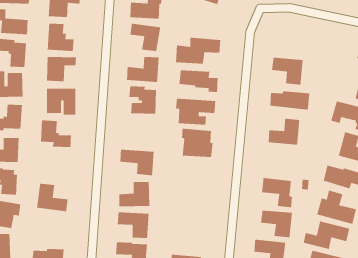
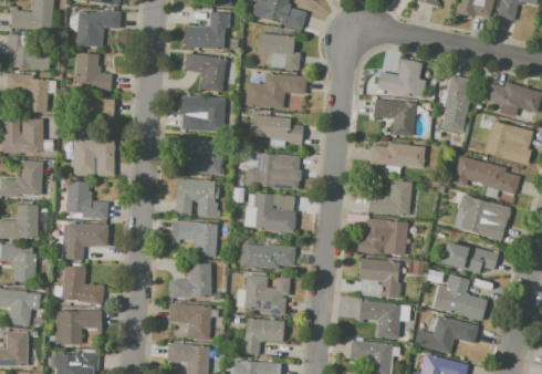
building: none -> [257,33,300,71]
building: none -> [377,60,421,96]
building: none -> [441,75,471,133]
building: none -> [175,178,220,217]
building: none -> [357,218,407,256]
building: none -> [63,222,108,260]
building: none -> [240,245,296,269]
building: none -> [243,274,291,315]
building: none -> [55,311,102,344]
building: none -> [239,319,284,354]

